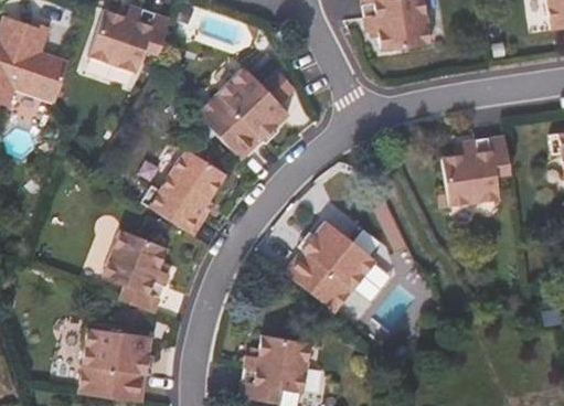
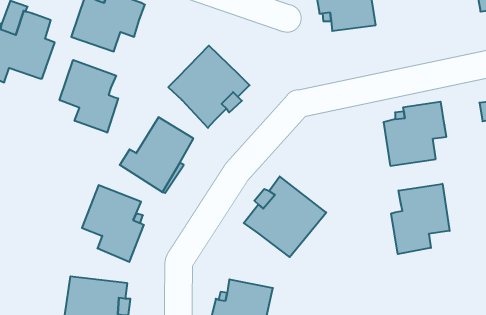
building: none -> [60,60,118,133]
building: none -> [391,184,450,254]

